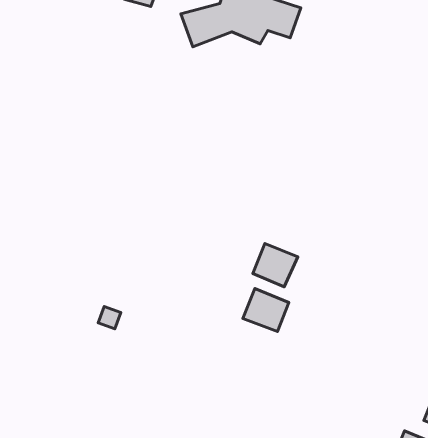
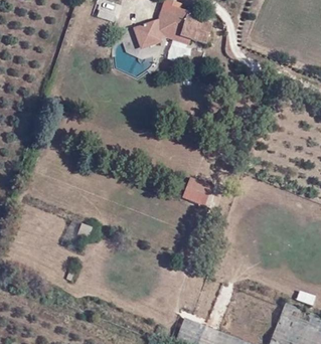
building: [243,288,289,332] -> none

